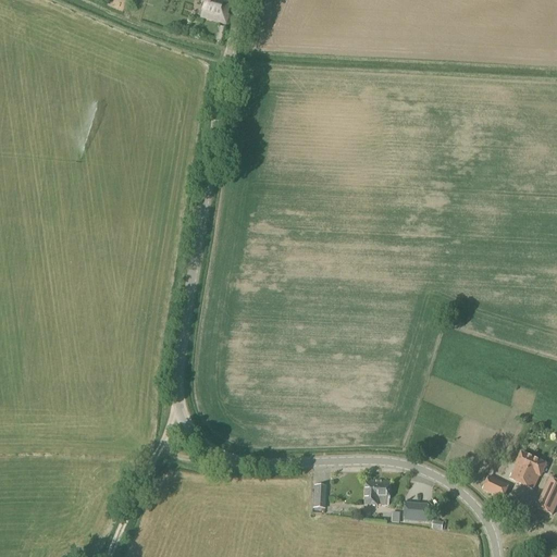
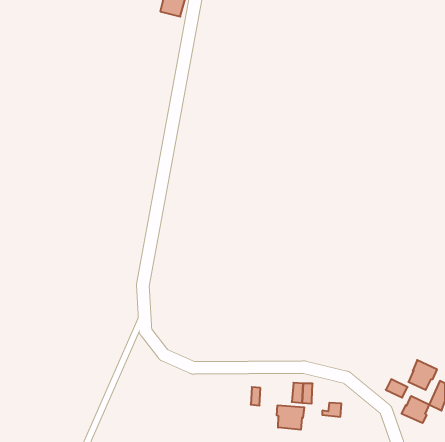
building: none -> [402,396,429,423]
building: none -> [277,405,304,430]

